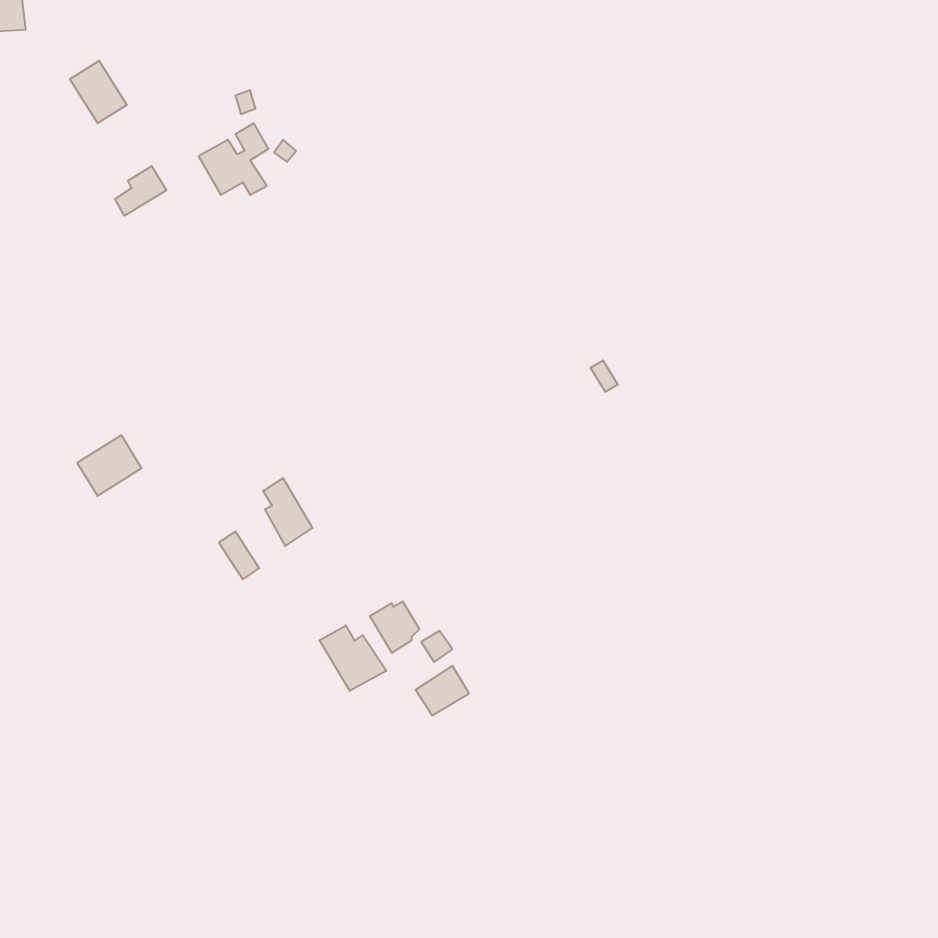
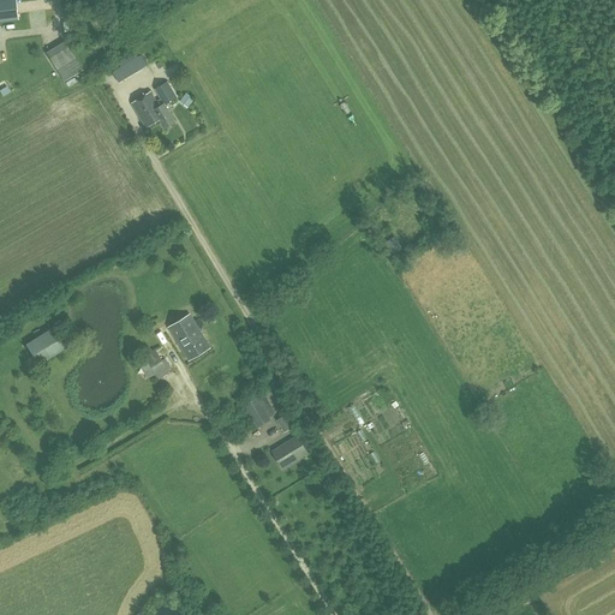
building: [115,166,166,216] -> [112,49,145,82]
building: [77,435,142,496] -> [25,324,67,364]
building: [319,625,386,691] -> none

